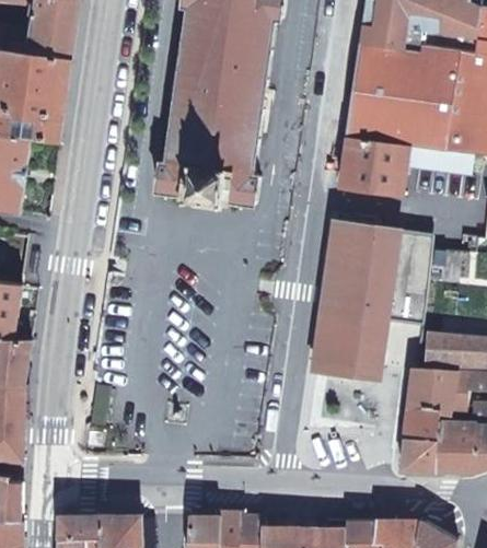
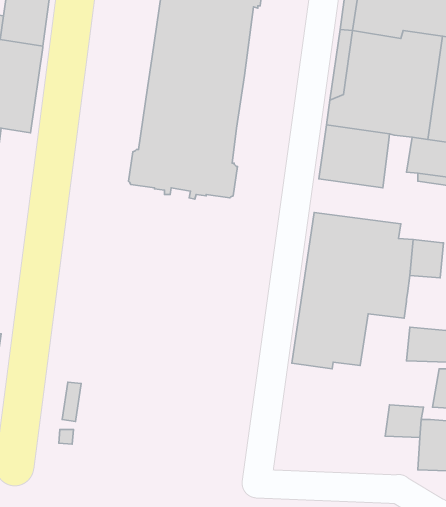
building: [407,370,455,422] -> none
building: [398,439,437,471] -> none

